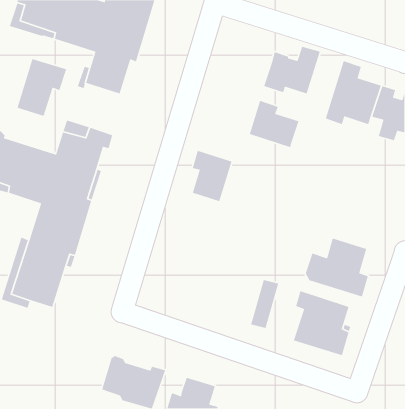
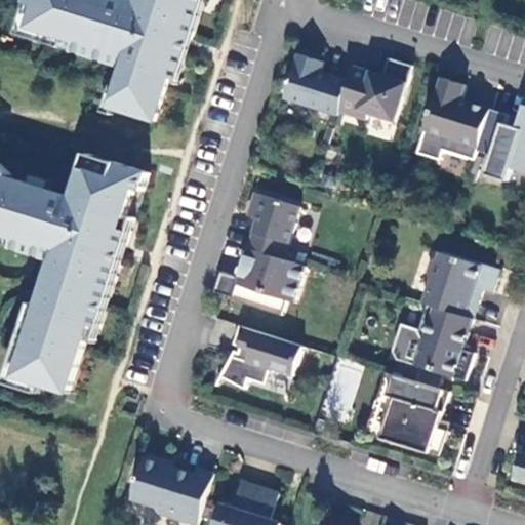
building: [16,58,67,117] -> none
building: [249,100,300,148] -> [282,53,347,115]
building: none -> [211,247,304,315]
building: none -> [419,251,496,318]
building: none -> [218,325,300,389]

